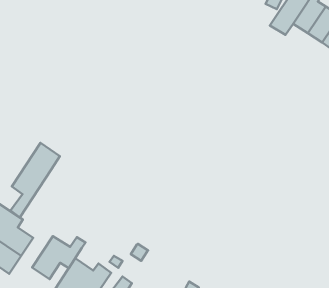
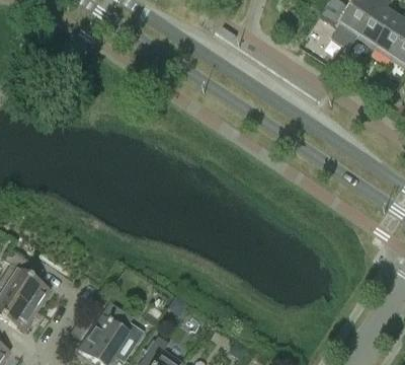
building: [11,143,60,218] -> none
building: [32,236,85,279] -> none

